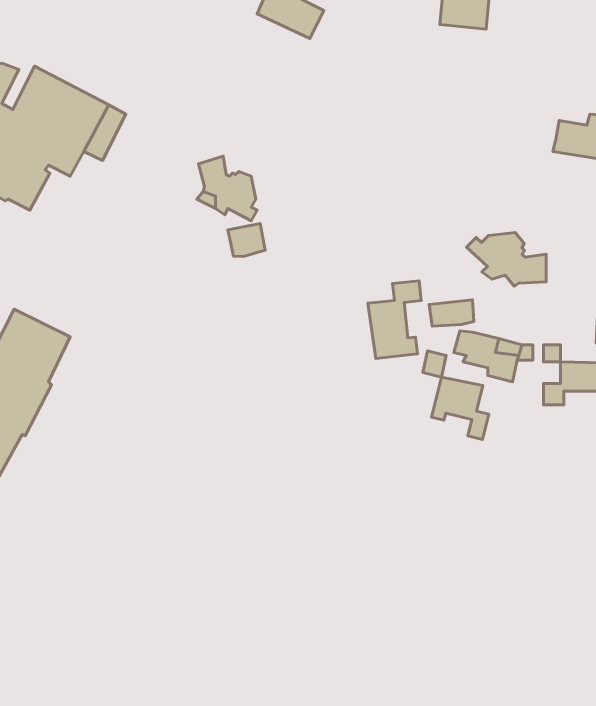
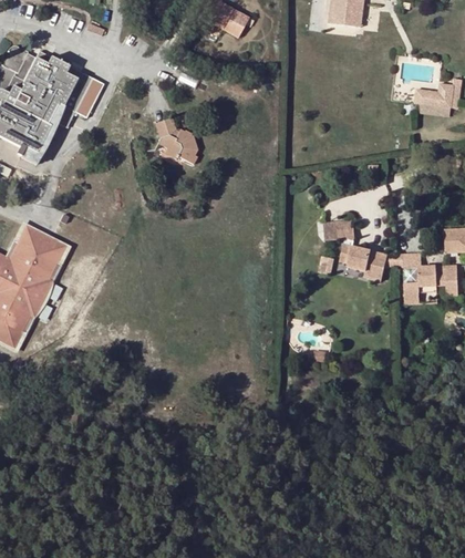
building: [228,223,265,257] -> none
building: [466,233,546,286] -> none
building: [368,281,421,358] -> none
building: [431,377,489,440] -> none

